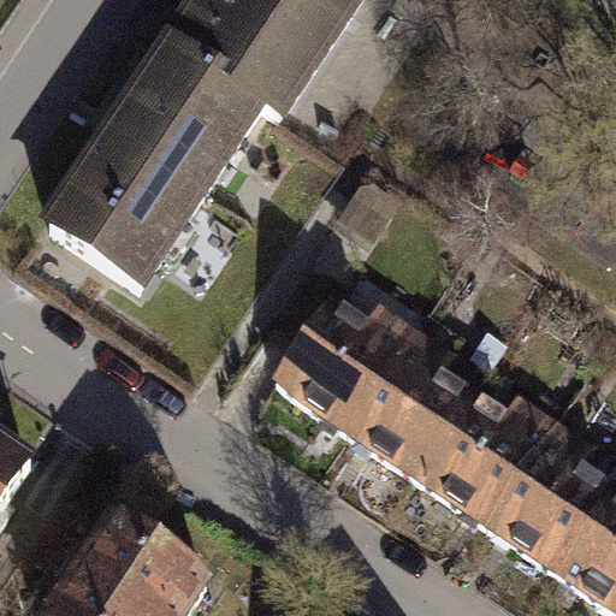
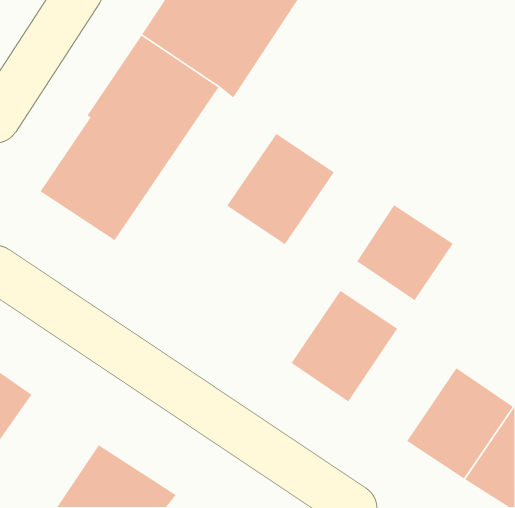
building: none -> [356,204,454,301]
building: [274,297,403,431] -> [226,133,335,245]
building: [413,390,540,523] -> none

